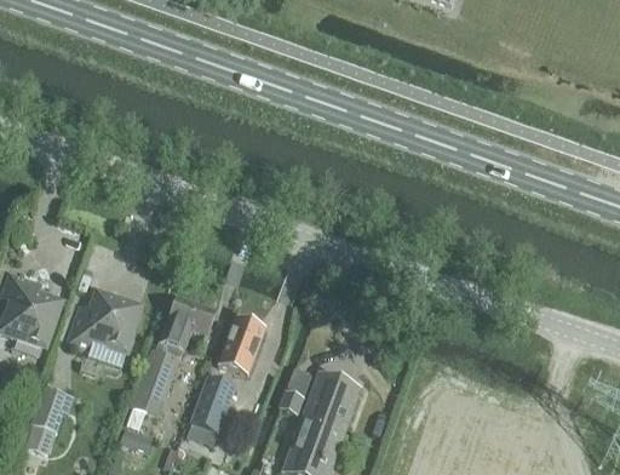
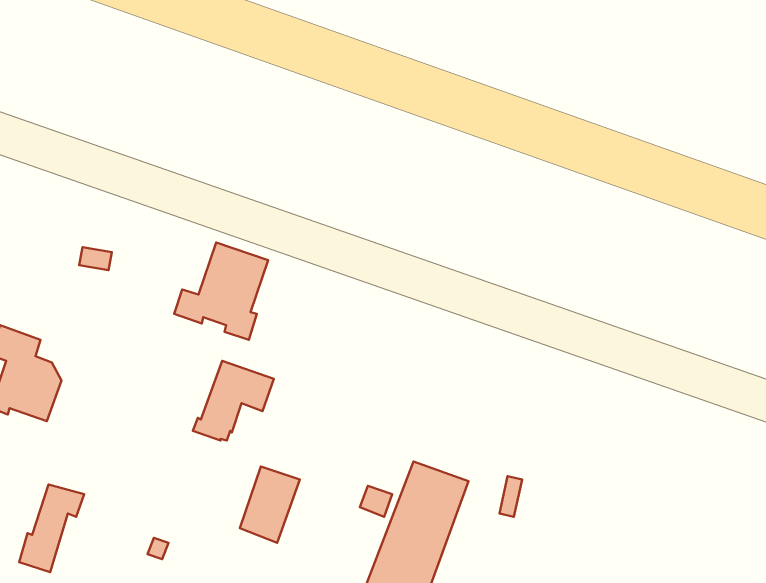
building: [68,293,138,366] -> [174,242,268,340]
building: [219,317,265,376] -> none
building: [132,348,176,413] -> none

